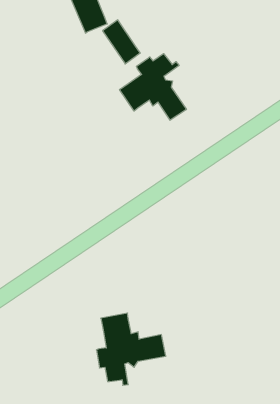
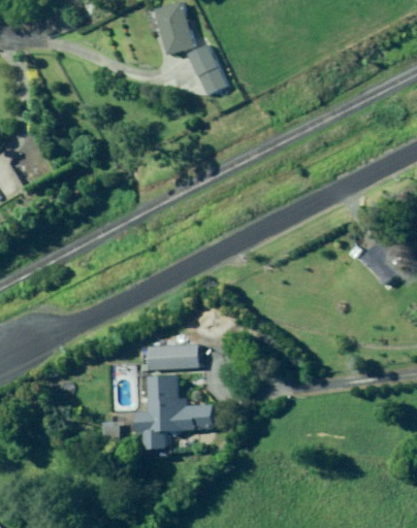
building: [120,54,186,120] -> none
building: none -> [146,343,197,370]

